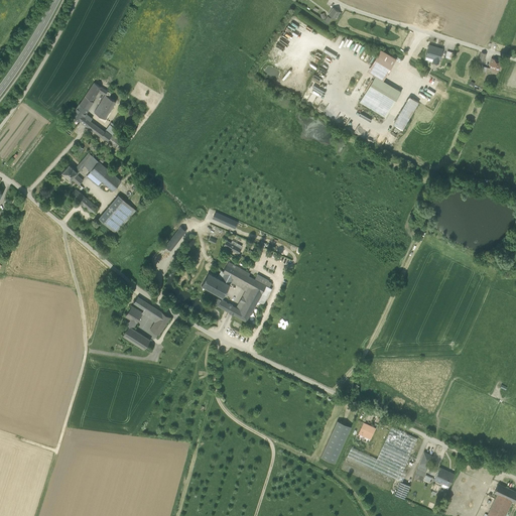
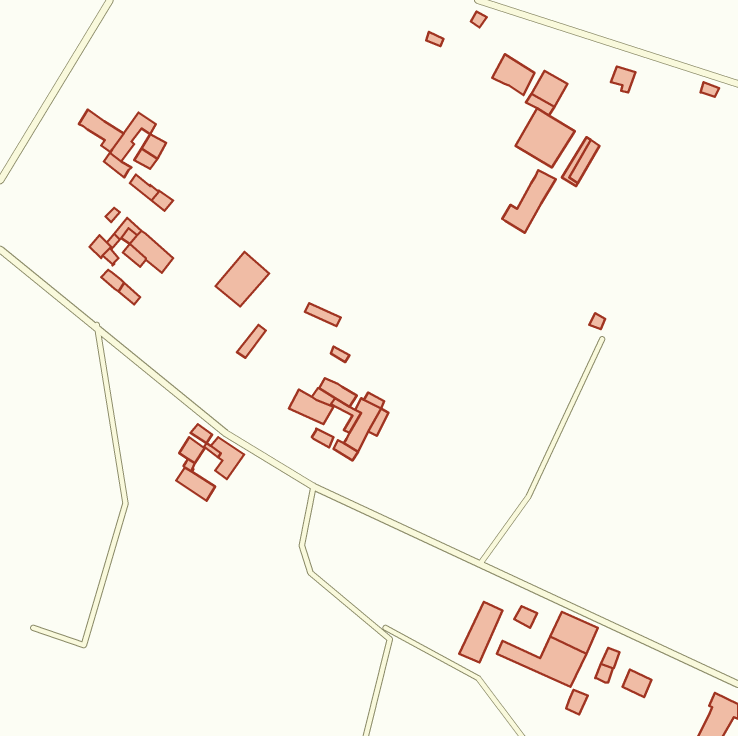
building: none -> [492,54,535,95]
building: none -> [79,110,124,152]
building: none -> [502,170,556,233]
building: [99,196,136,234] -> [216,252,269,307]

